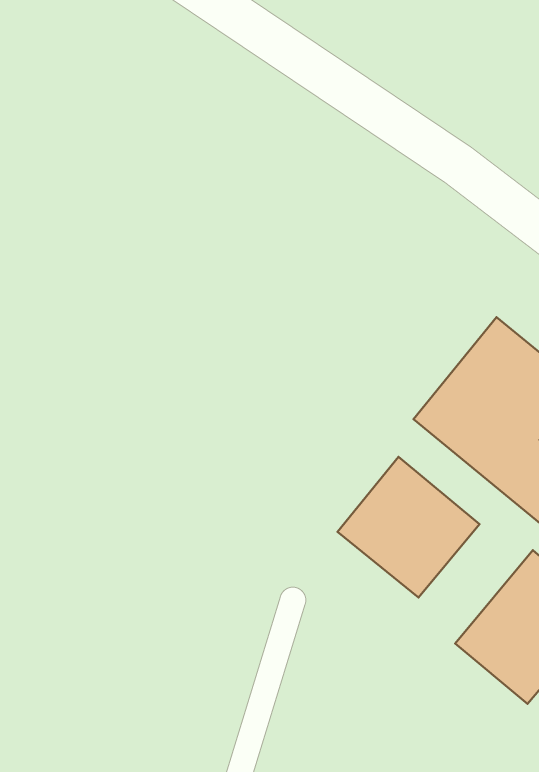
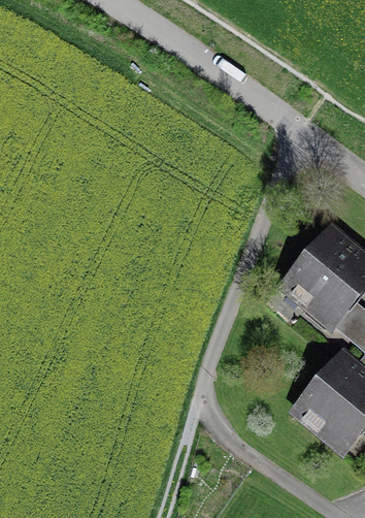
building: [338,457,479,598] -> none

